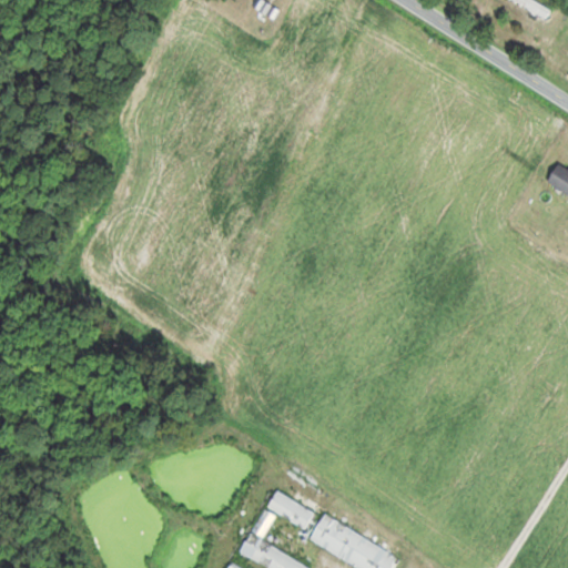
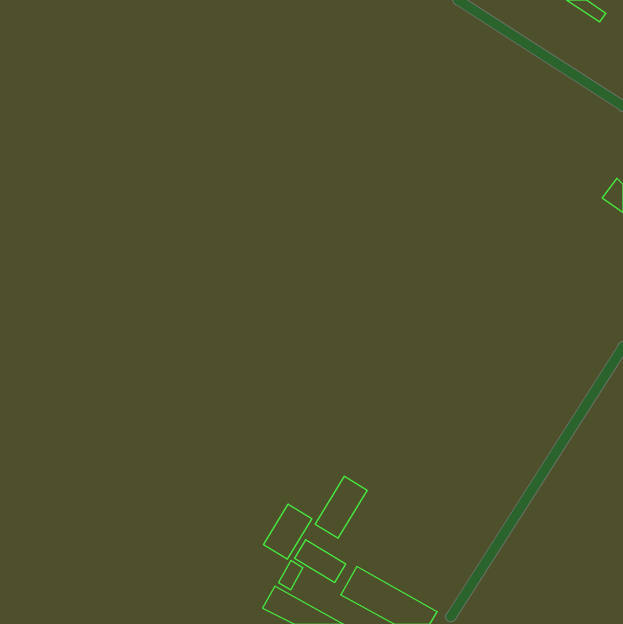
building: none -> [315,476,367,538]
building: none -> [264,504,312,559]

